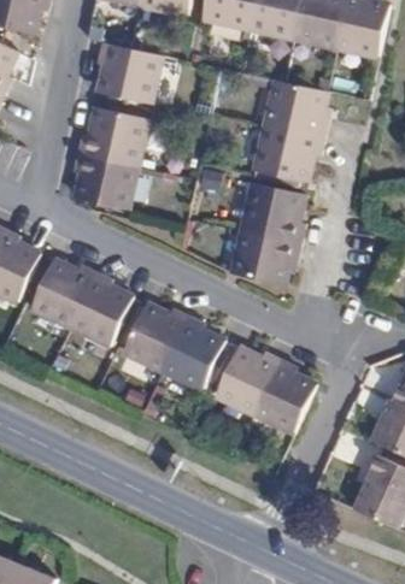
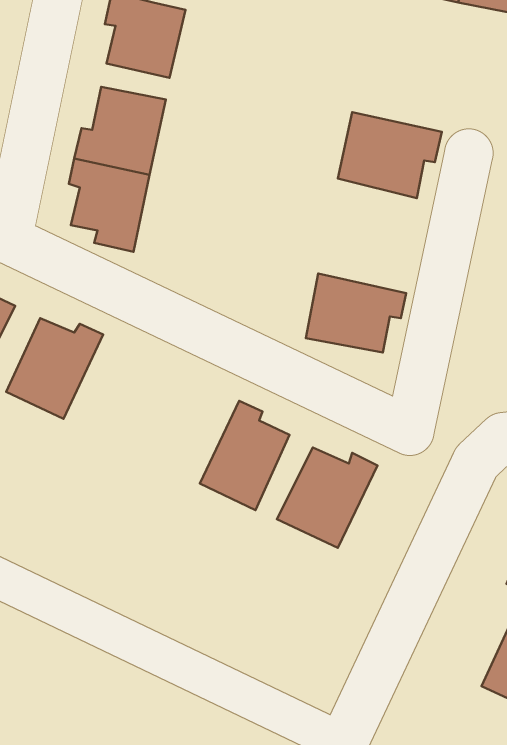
building: [265,79,329,135] -> none
building: [242,185,306,243] -> none
building: [71,271,133,344] -> none
building: [123,302,189,371] -> none
building: [256,359,315,431] -> none

